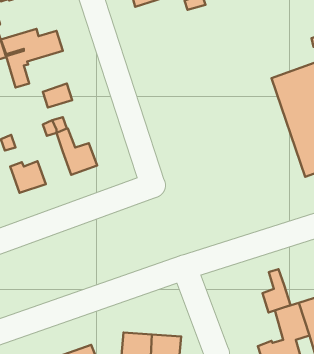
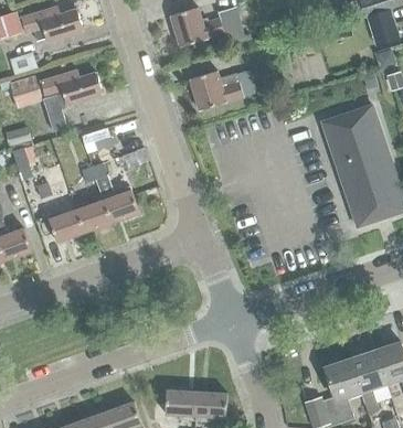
building: none -> [189,67,257,108]
building: none -> [75,199,112,233]
building: [263,269,290,312] -> none

